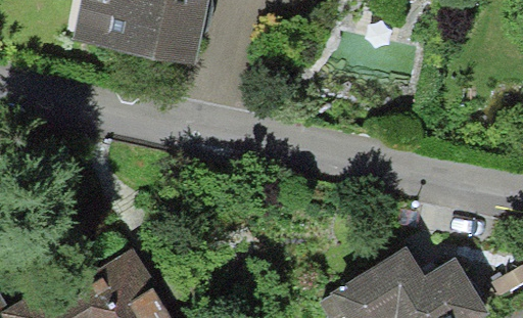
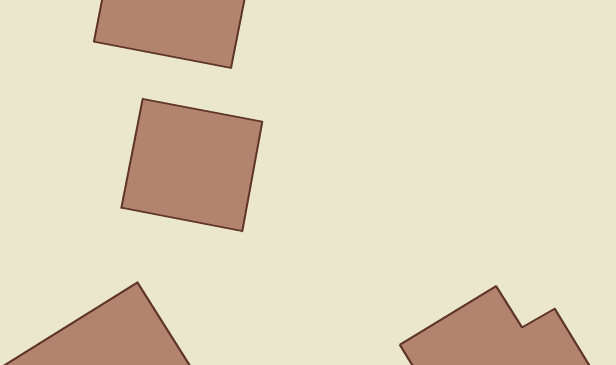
building: none -> [121,99,262,231]

